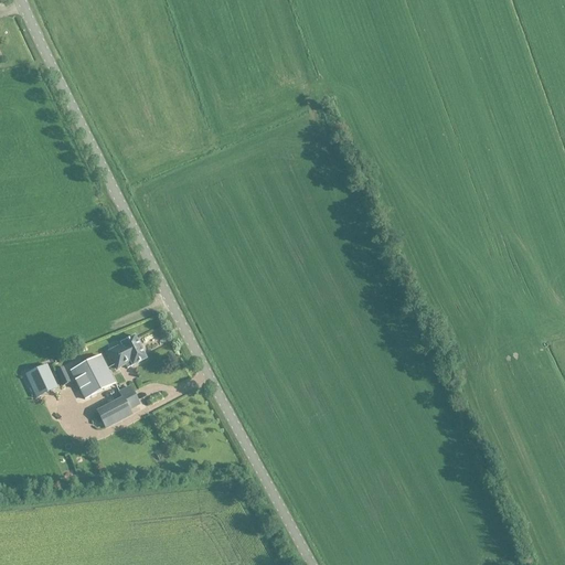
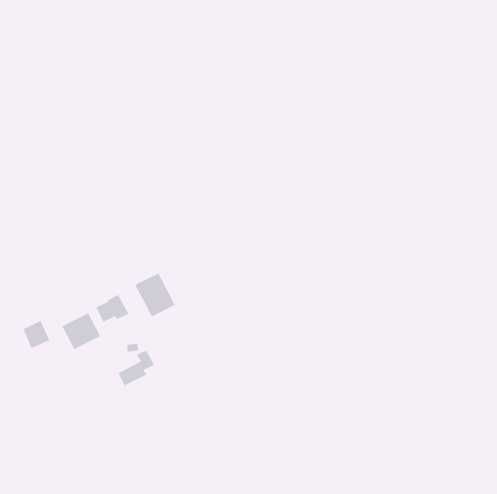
building: none -> [134,272,176,317]
building: [97,384,140,426] -> [117,350,155,387]

